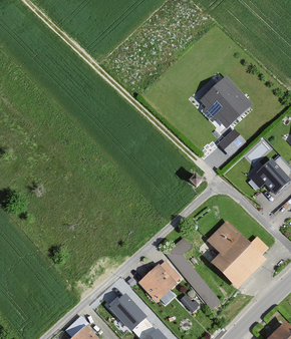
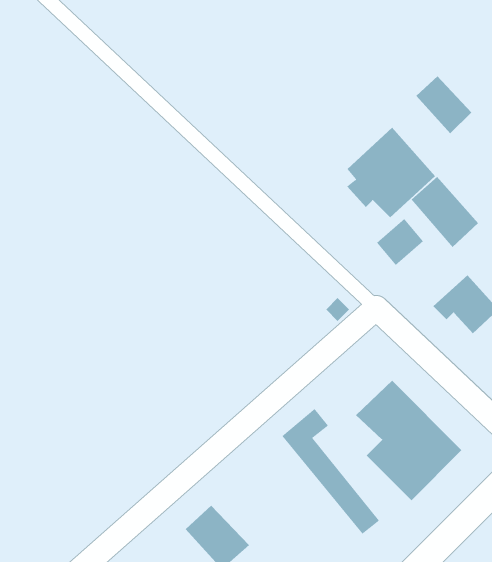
building: none -> [416,76,472,134]
building: none -> [411,176,479,248]
building: [137,261,180,303] -> none

